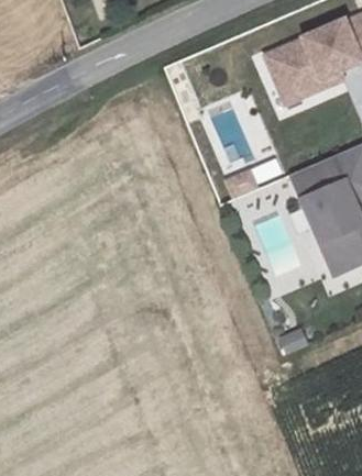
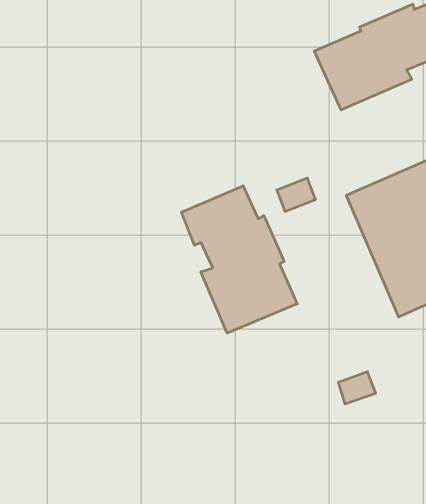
building: none -> [182,186,297,333]

